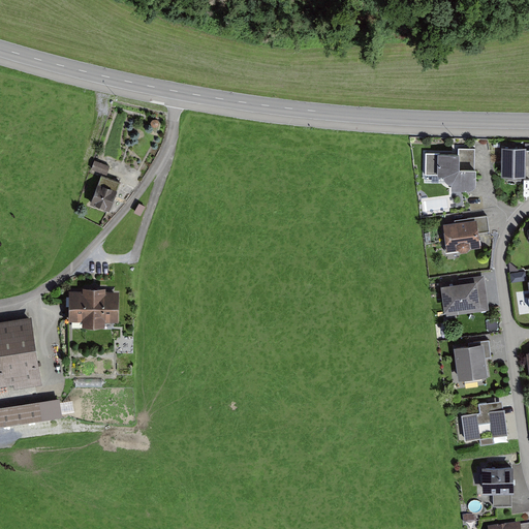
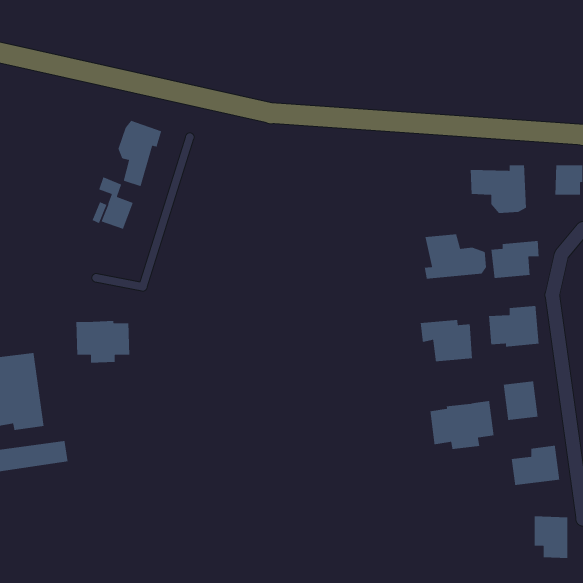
building: none -> [117,120,162,187]
building: none -> [424,233,487,280]
building: none -> [420,319,473,362]
building: none -> [430,400,494,450]

